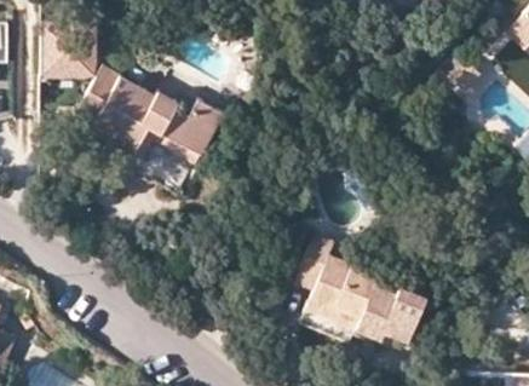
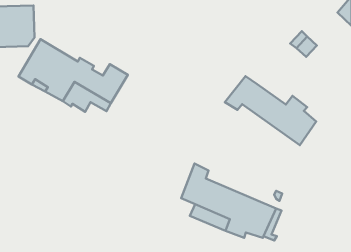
building: none -> [225,76,316,145]

